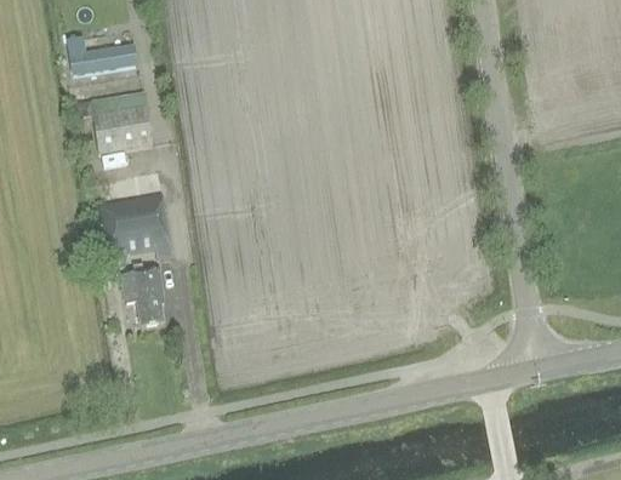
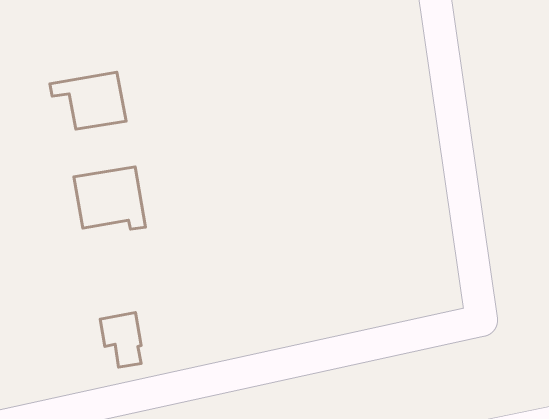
building: [67,36,135,74] -> none
building: [120,265,164,324] -> [100,312,141,367]

